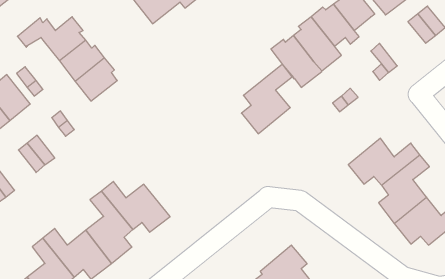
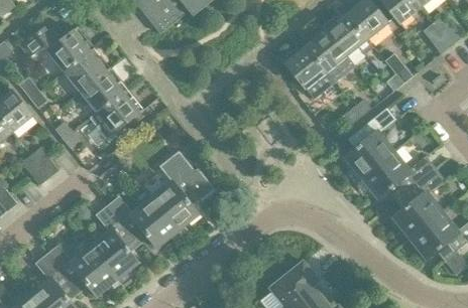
building: [241,64,292,134] -> [344,107,396,178]
building: none -> [89,92,143,139]
building: none -> [150,150,214,232]

